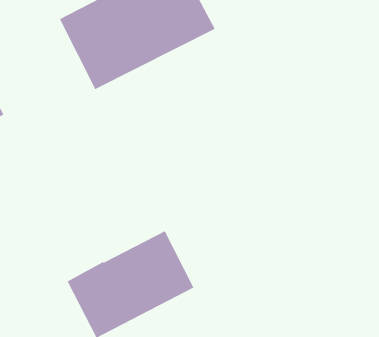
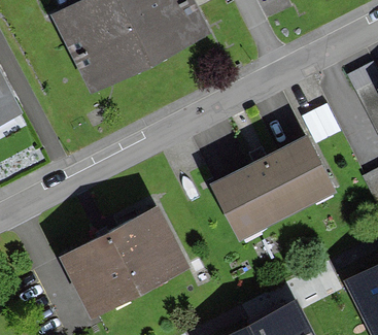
building: none -> [215,141,331,234]

